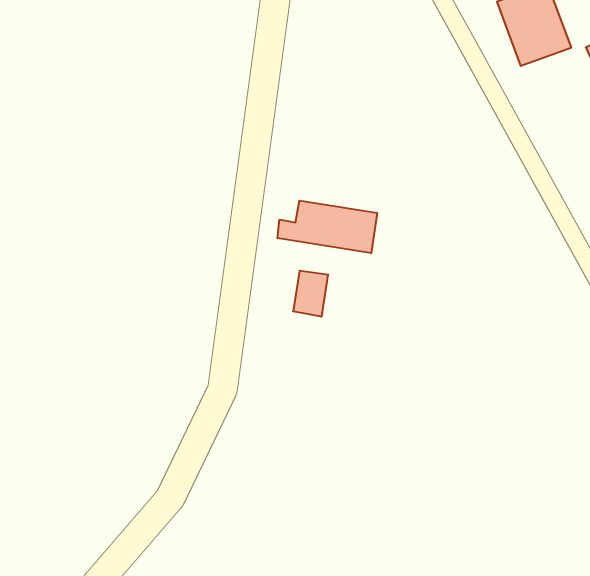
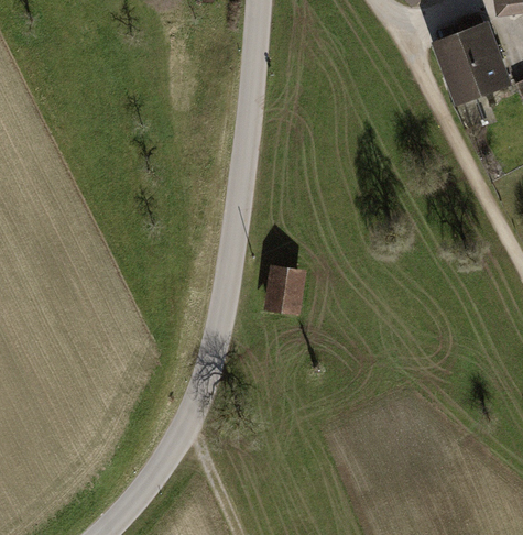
building: [278,201,377,253] -> none

